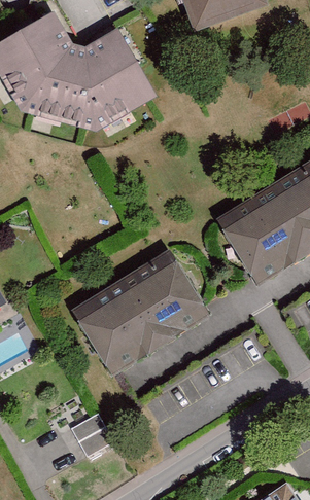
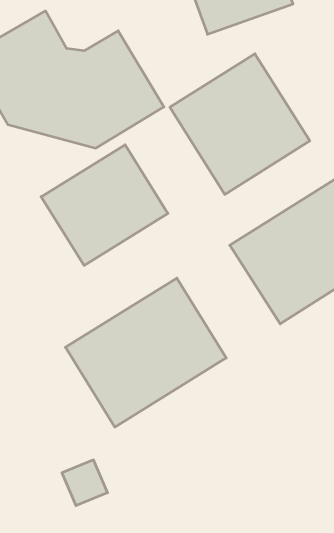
building: none -> [170,54,310,194]
building: none -> [41,145,168,265]

